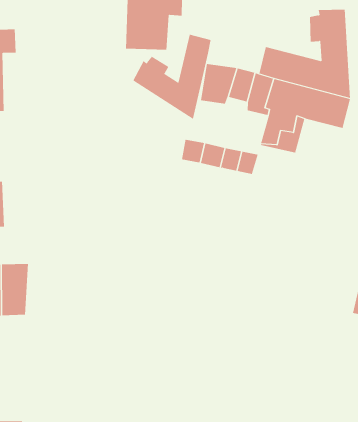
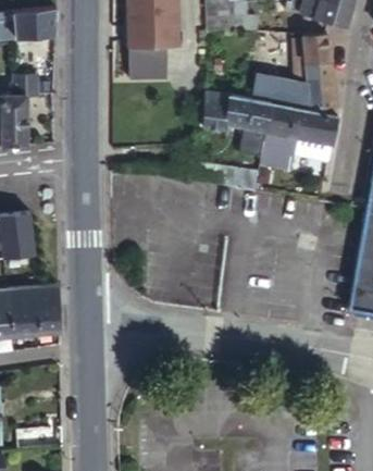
building: [132,34,211,120] -> none

